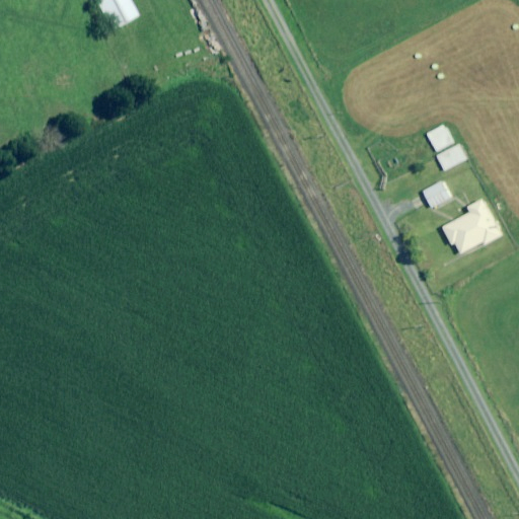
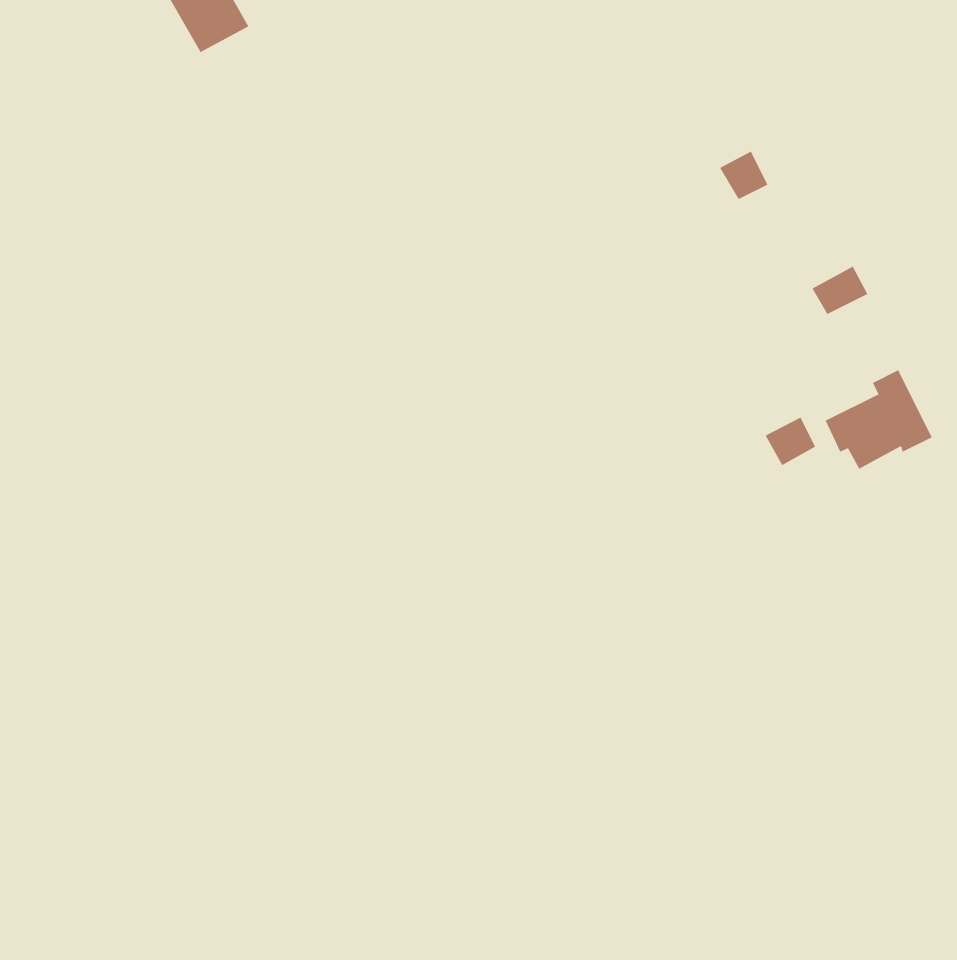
building: [426,124,452,150] -> [719,151,768,200]
building: [422,180,449,207] -> [765,417,816,466]

